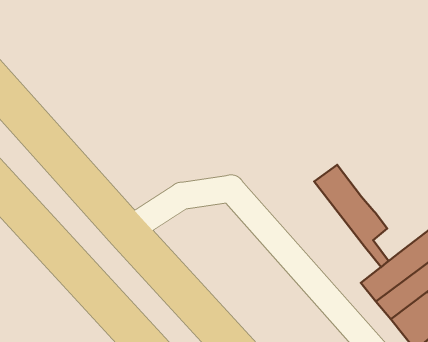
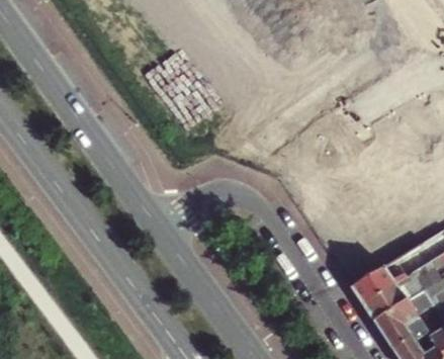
building: [314,165,388,267] -> none

